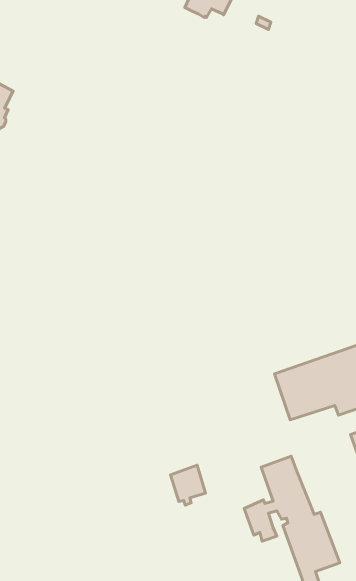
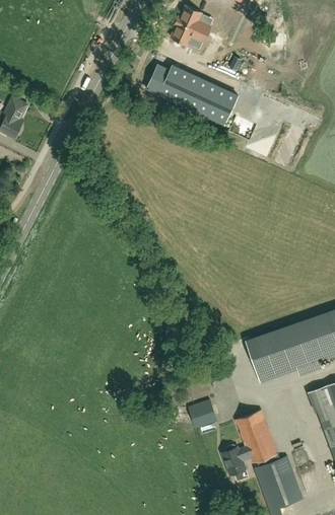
building: none -> [146,64,233,125]
building: [170,465,206,505] -> [188,398,217,432]

